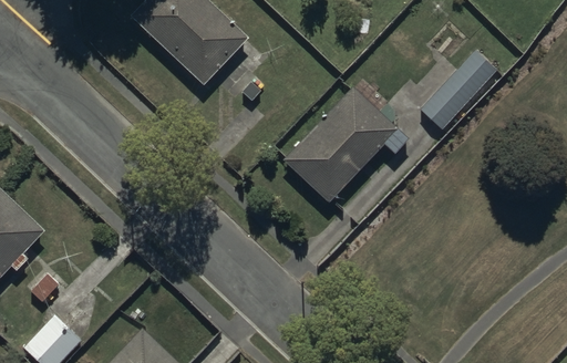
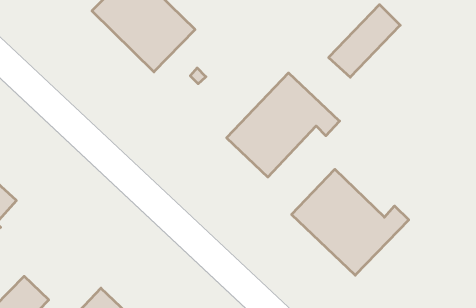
building: [417,50,498,132] -> [329,5,400,77]
building: none -> [292,169,409,275]

